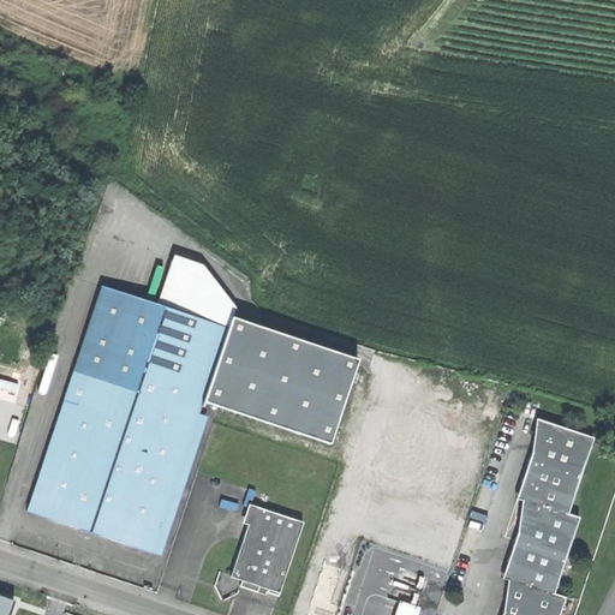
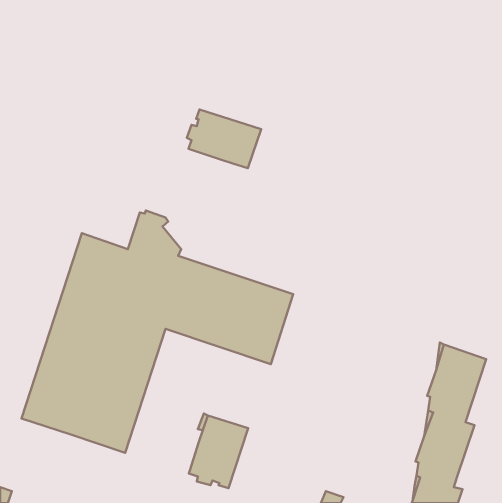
building: none -> [187,109,261,168]

